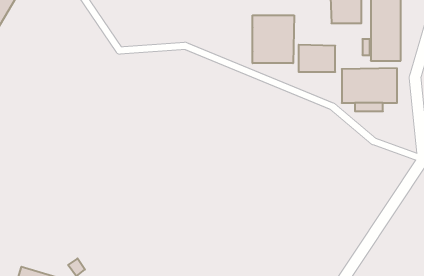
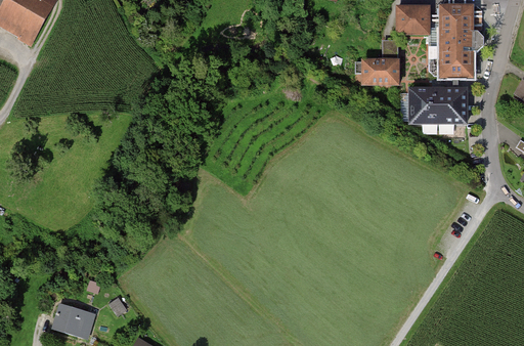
building: [253,15,294,63] -> none

